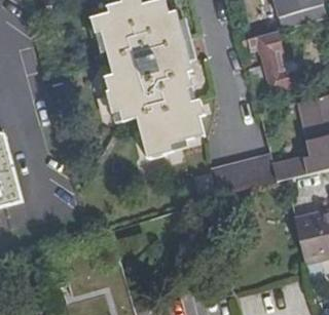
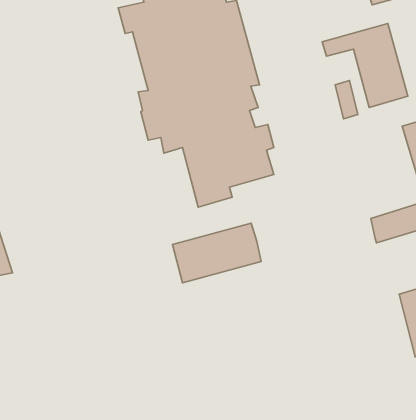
building: [216,154,280,197] -> [173,223,261,283]

